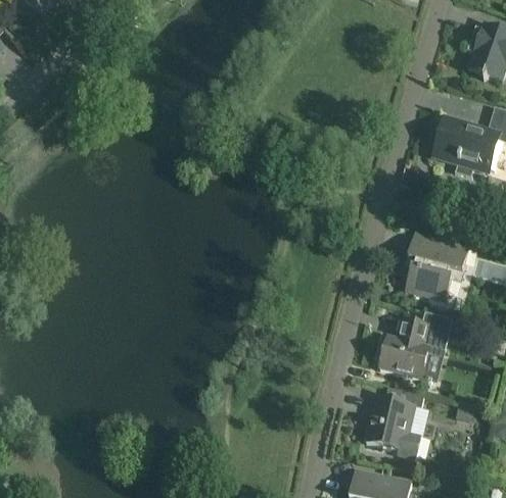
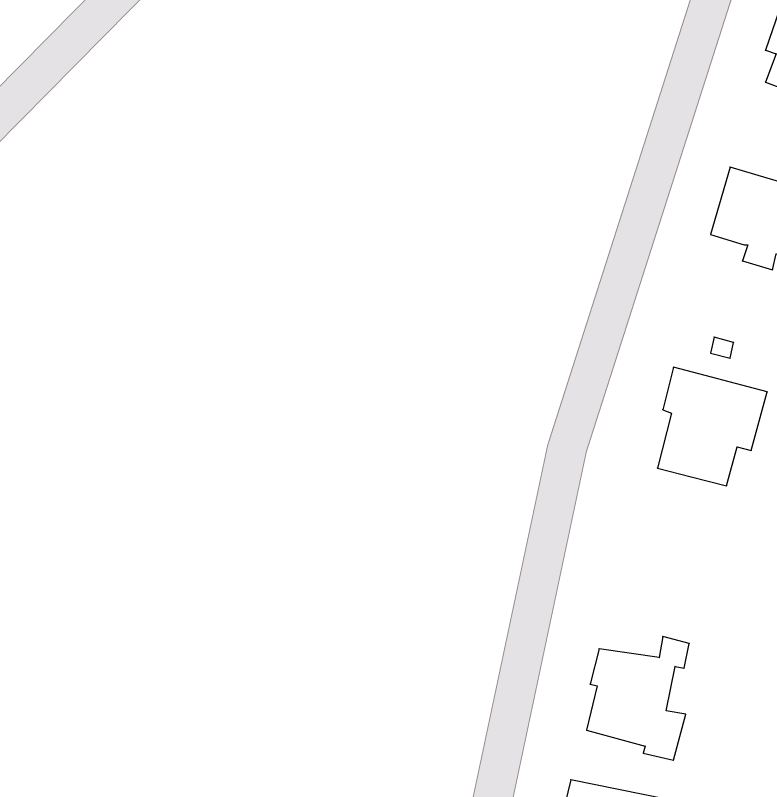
building: [380,311,469,379] -> none

